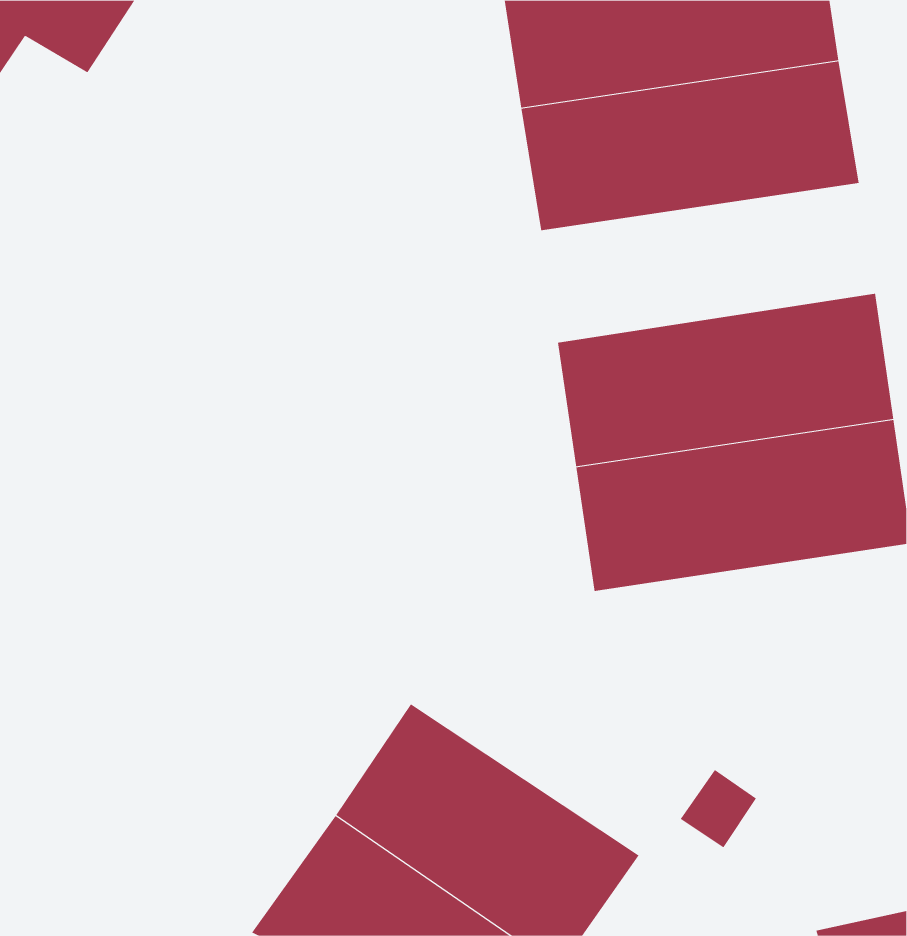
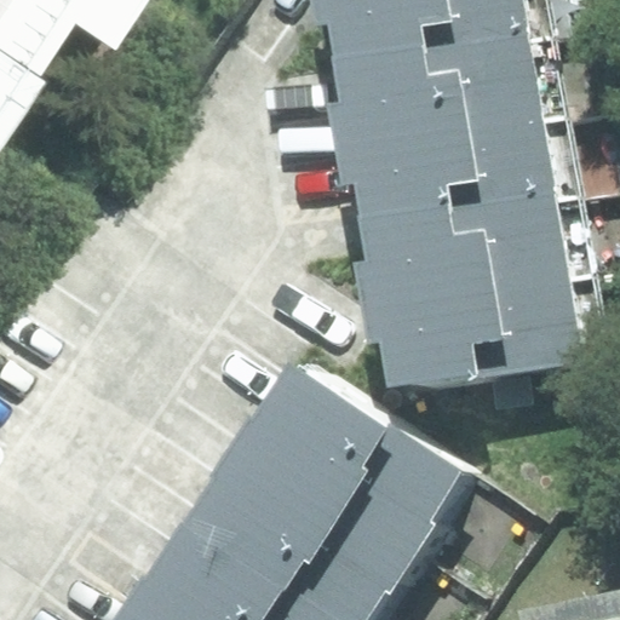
building: none -> [357,121,579,226]
building: none -> [271,362,488,566]

